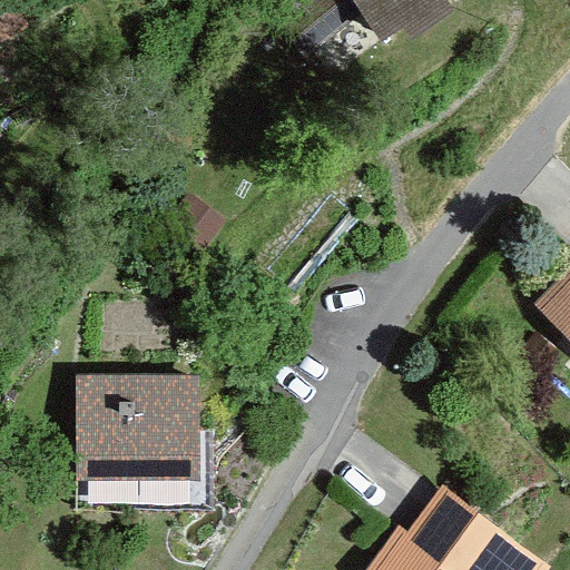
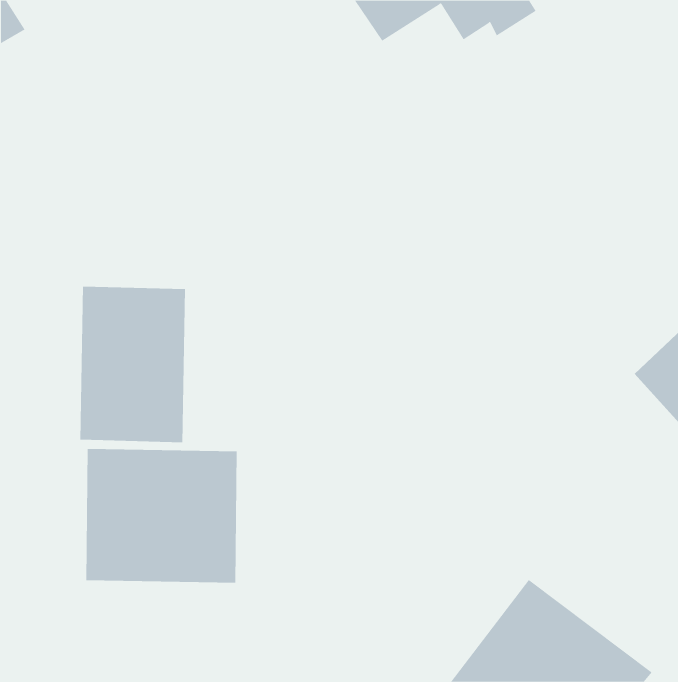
building: none -> [80,286,186,443]

